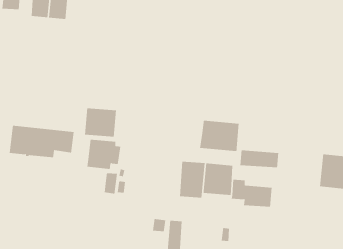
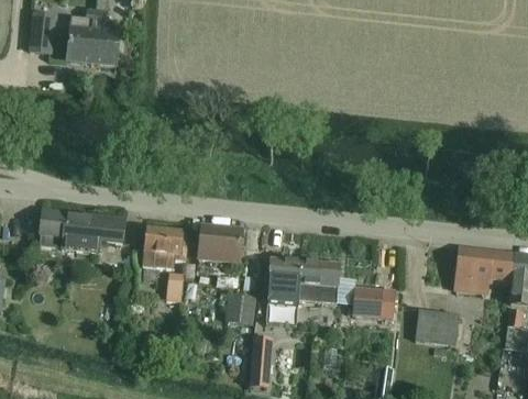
building: [84,108,117,137] -> [199,223,243,263]
building: [200,120,239,157] -> none
building: [240,150,279,168] -> none
building: none -> [226,292,257,323]
building: none -> [416,309,460,344]

